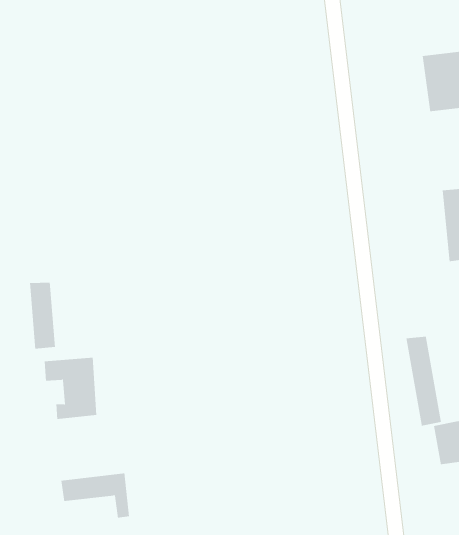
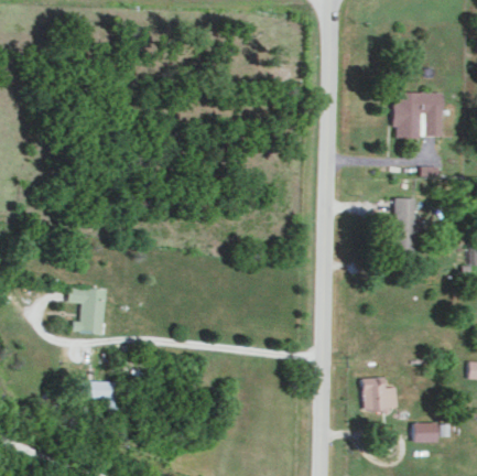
building: [29,282,55,349] -> none
building: [406,336,441,426] -> none

